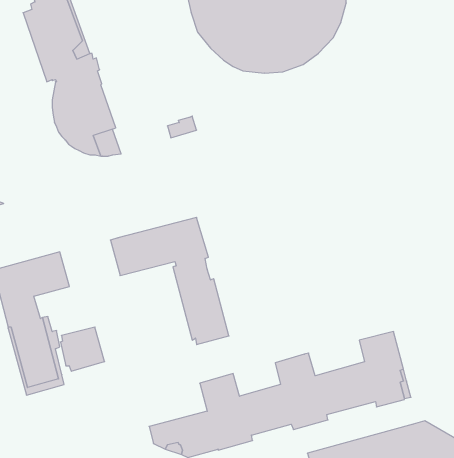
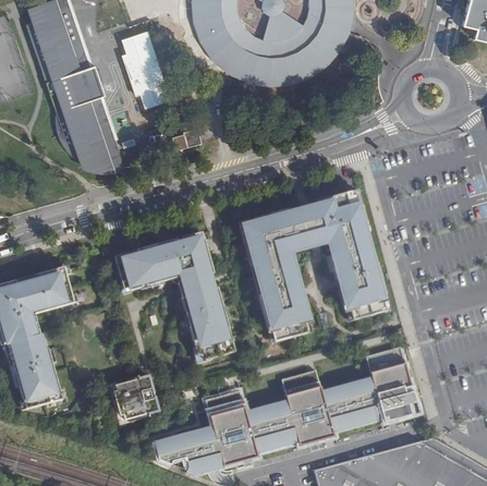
building: none -> [122,31,171,108]
building: none -> [238,195,385,347]
building: [60,327,105,371] -> [113,376,158,421]

